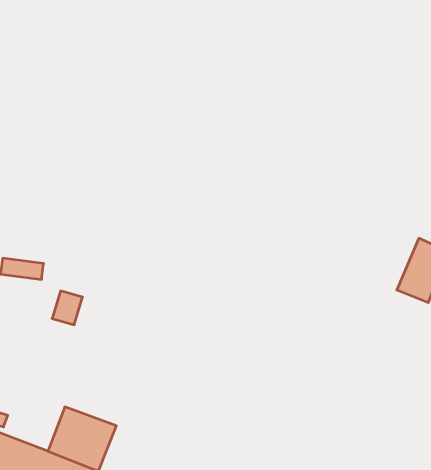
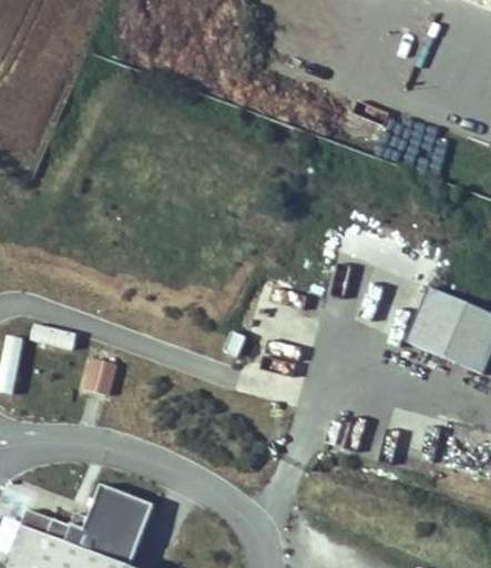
building: none -> [406,287,471,359]

